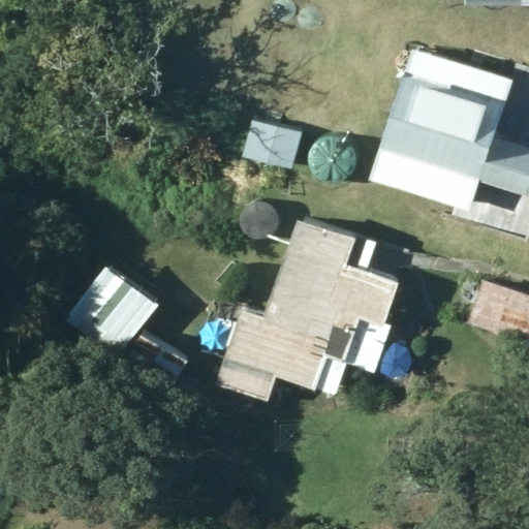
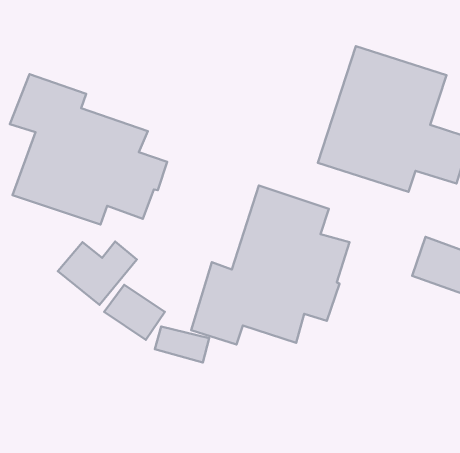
building: none -> [10,74,167,225]

